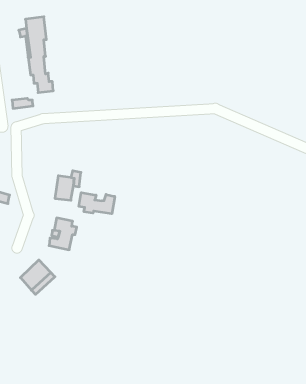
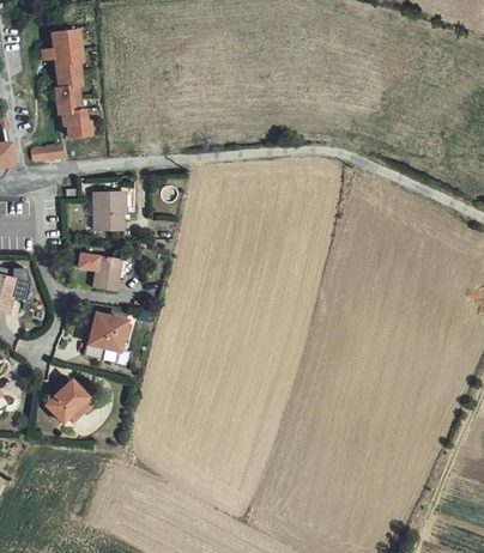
building: none -> [93,193,123,231]
building: [79,193,115,214] -> none

